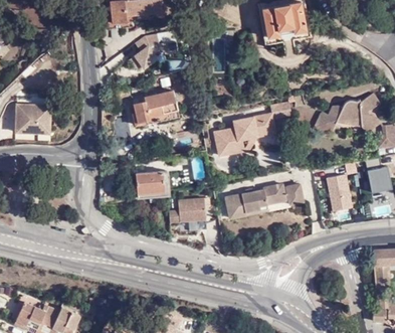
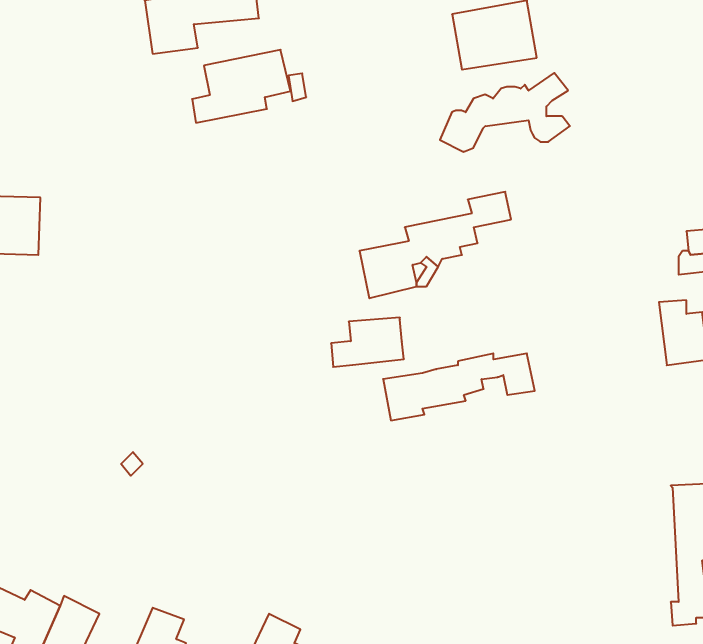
building: [130,91,176,126] -> none
building: [312,92,378,132] -> [440,73,570,152]
building: [136,172,163,195] -> none
building: [326,172,352,211] -> none
building: [168,199,205,224] -> [331,318,404,367]

